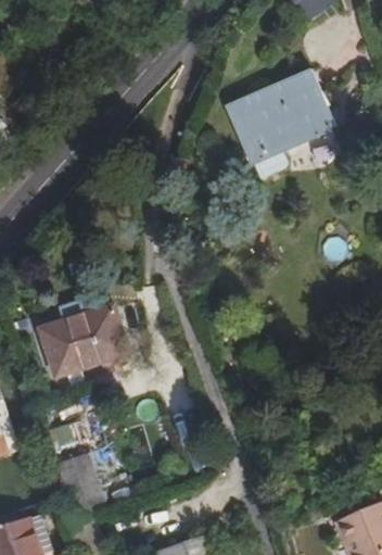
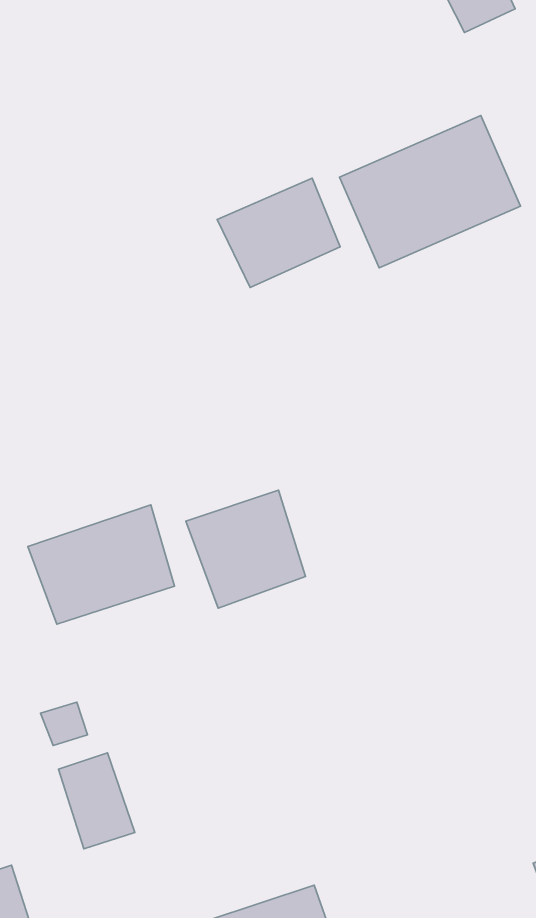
building: none -> [217,178,340,288]
building: none -> [186,490,306,608]

